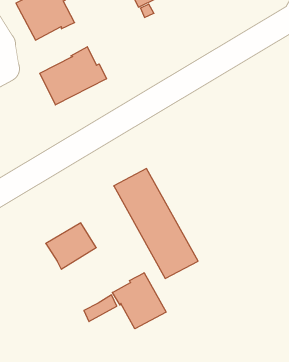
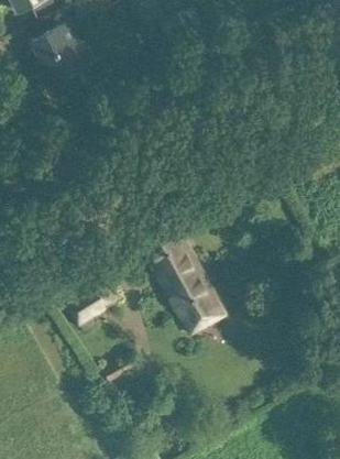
building: [40,47,106,105] -> none
building: [112,273,166,329] -> none

